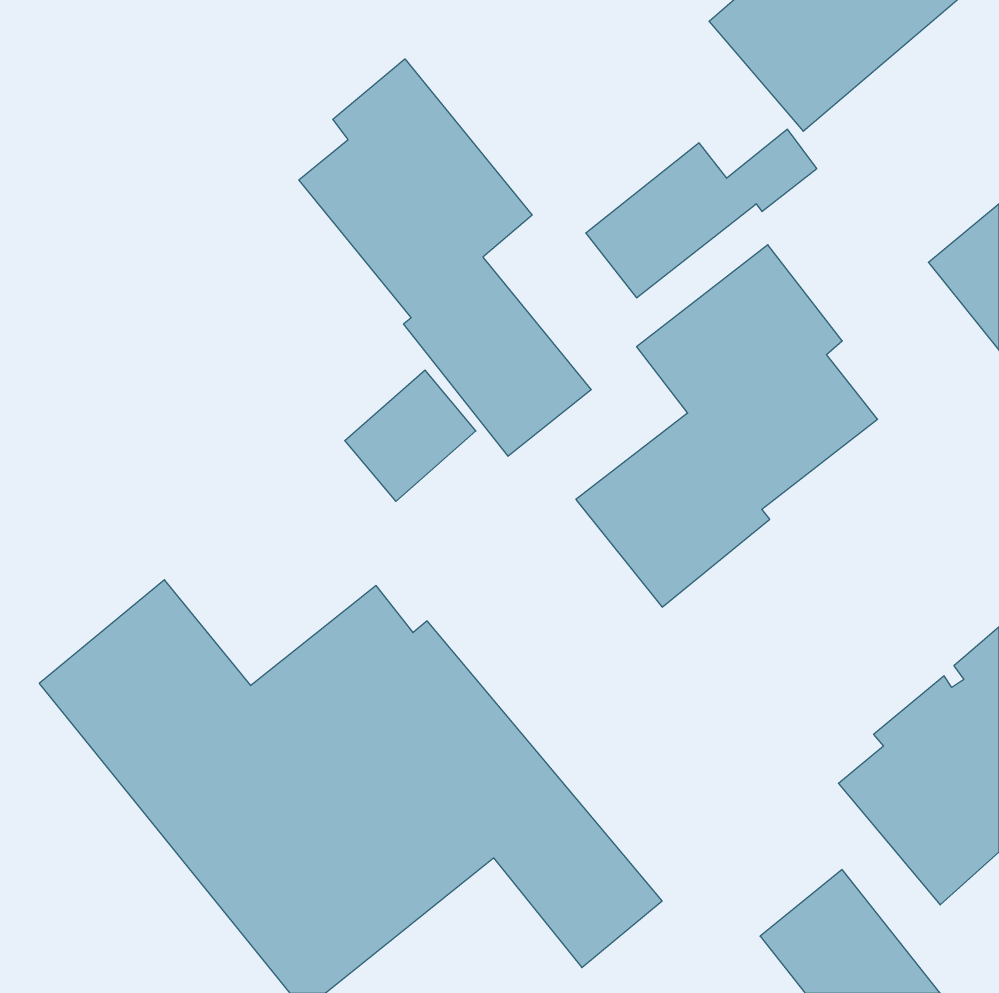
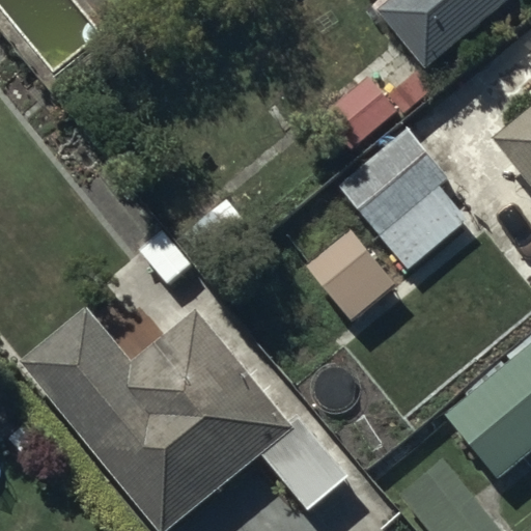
building: [299,59,591,456] -> none

